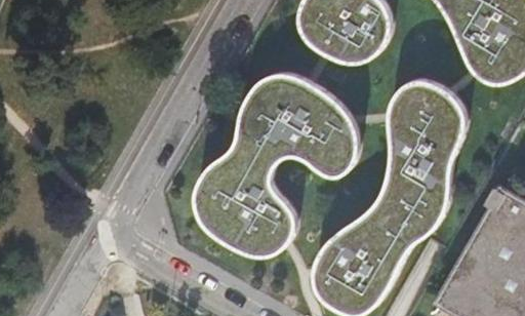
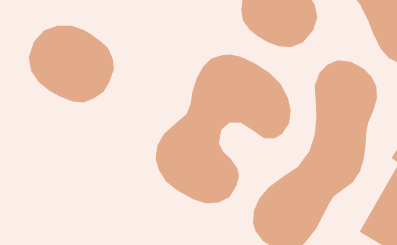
building: none -> [28,25,114,103]

